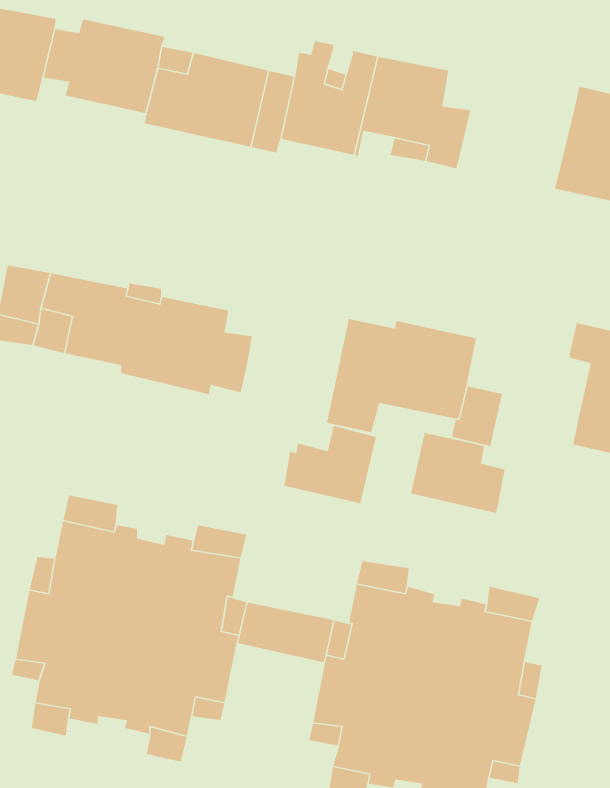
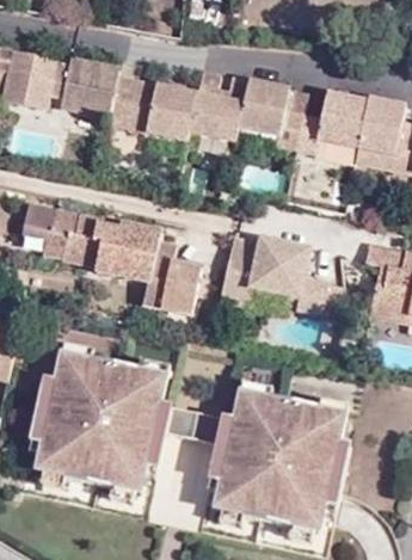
building: none -> [297,91,370,150]
building: [284,425,377,504] -> [141,266,197,314]
building: [410,432,505,514] -> none

